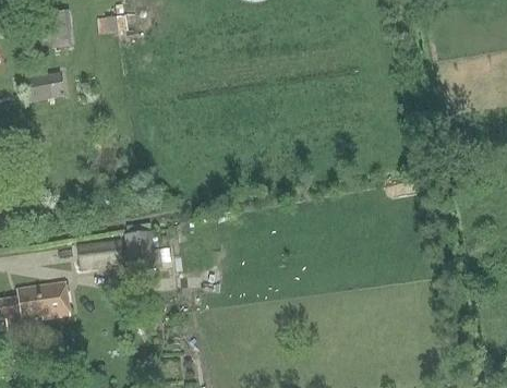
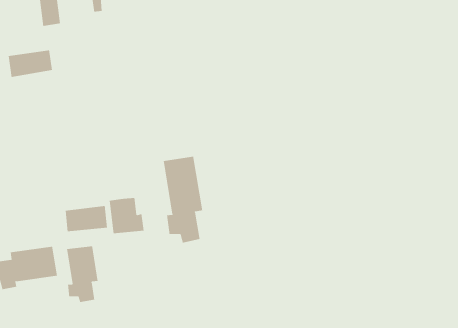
building: none -> [163,156,203,244]
building: none -> [67,245,98,303]

